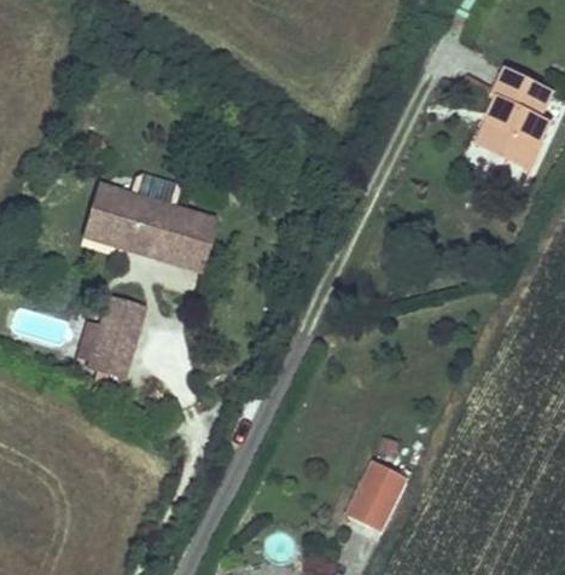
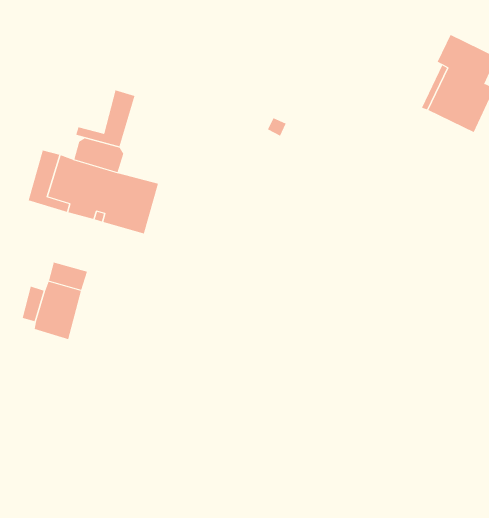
building: none -> [76,89,135,147]
building: [348,460,408,532] -> none

